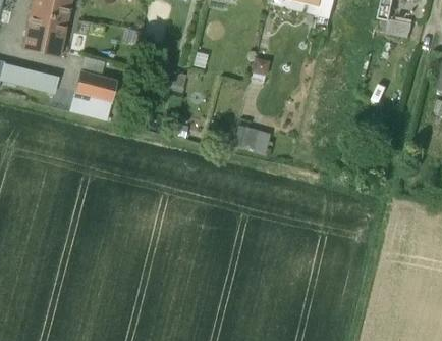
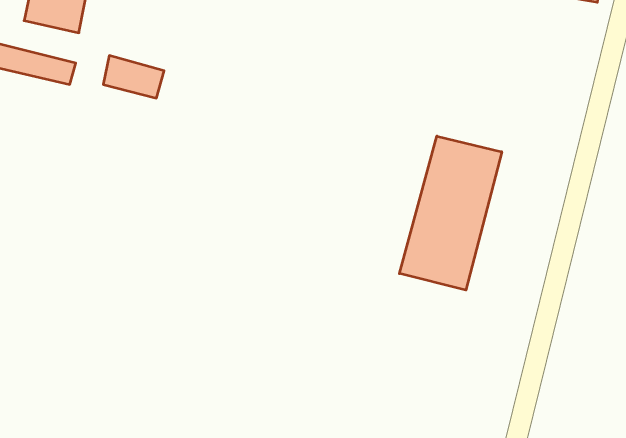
building: [236,124,269,152] -> none
building: none -> [399,136,502,290]

